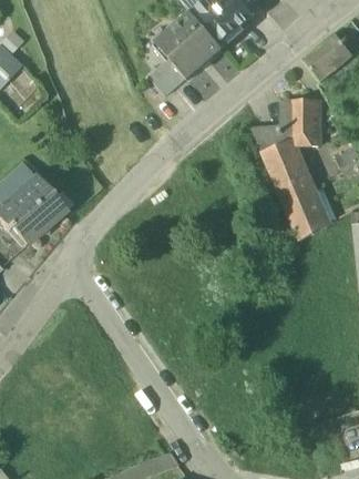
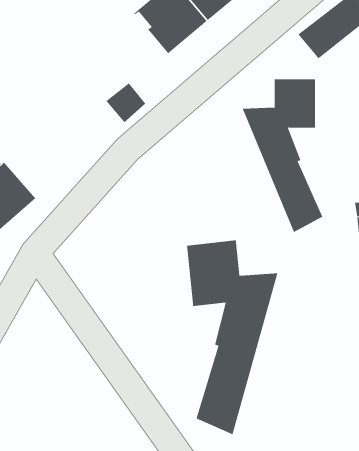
building: [147,59,184,95] -> [106,83,146,123]
building: none -> [186,240,278,435]

